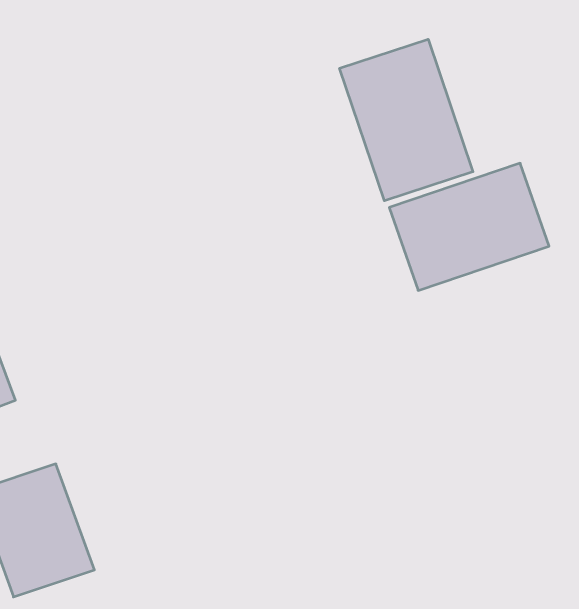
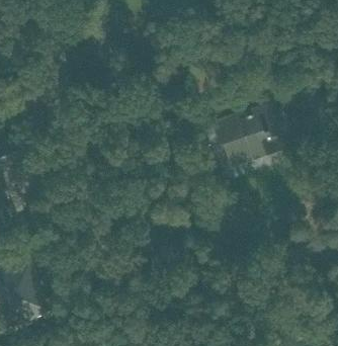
building: [340,39,473,201] -> none

